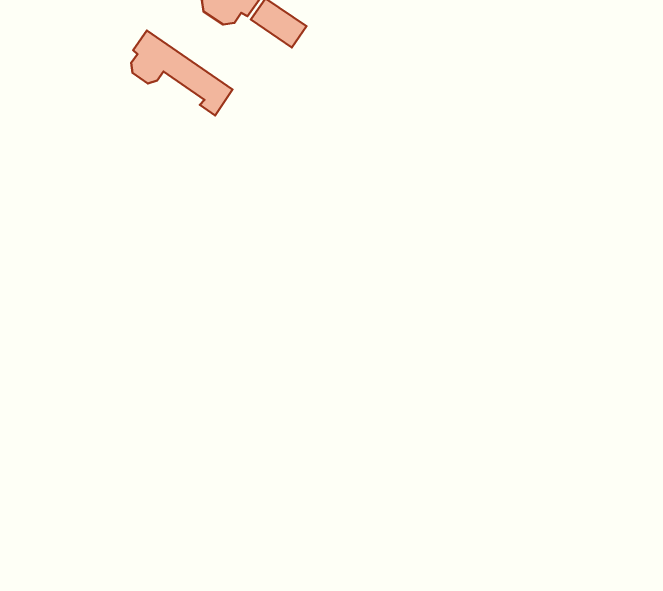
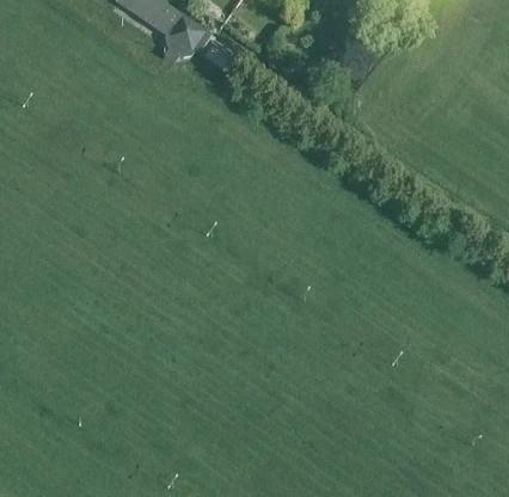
building: [131,30,232,115] -> none

